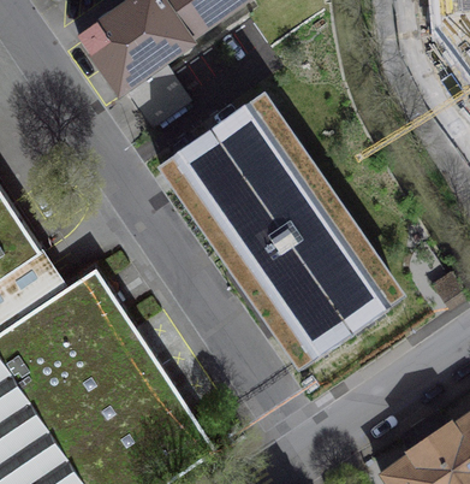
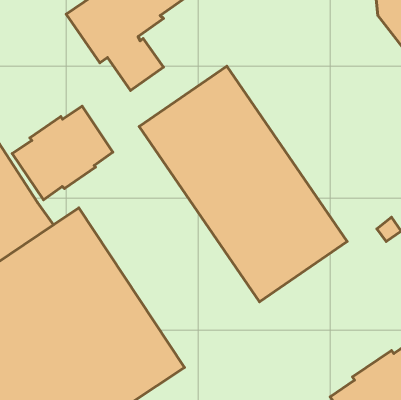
building: none -> [12,106,113,200]

